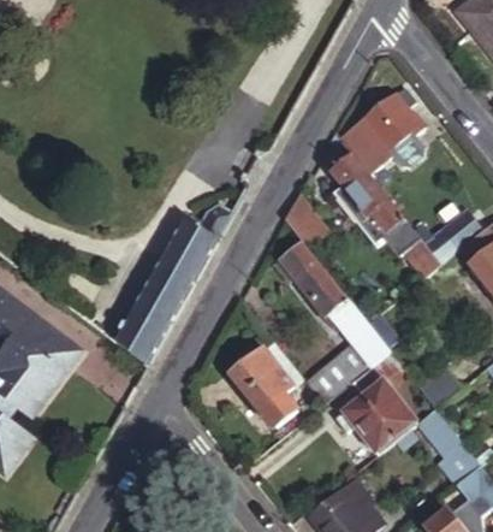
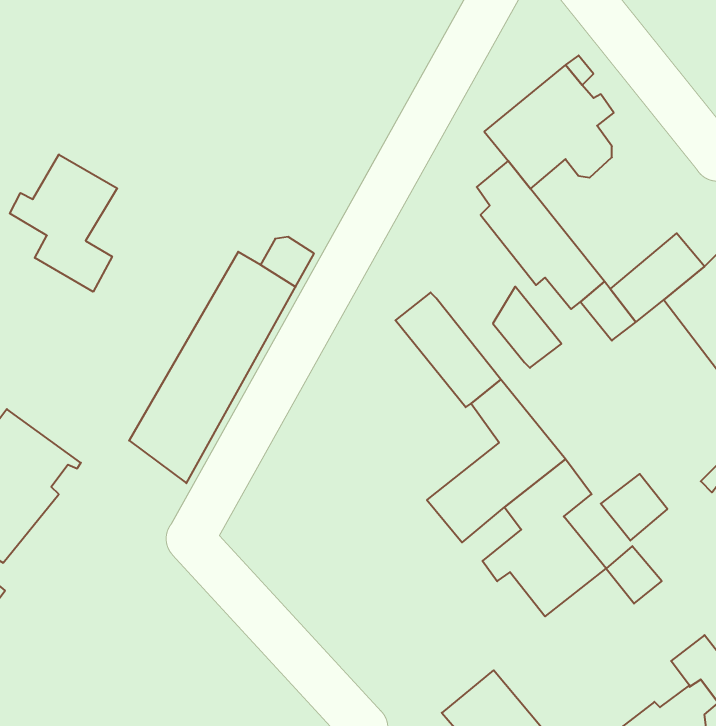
building: none -> [10,154,117,292]
building: [284,194,328,247] -> [493,287,561,368]
building: [232,351,305,427] -> none
building: [436,431,482,485] -> none

